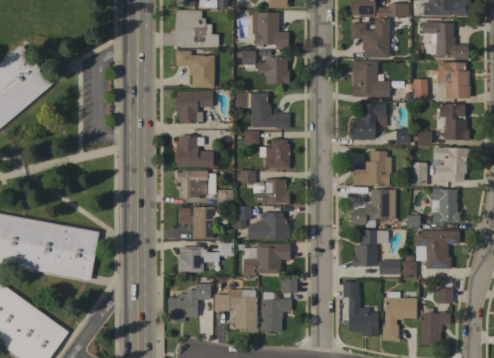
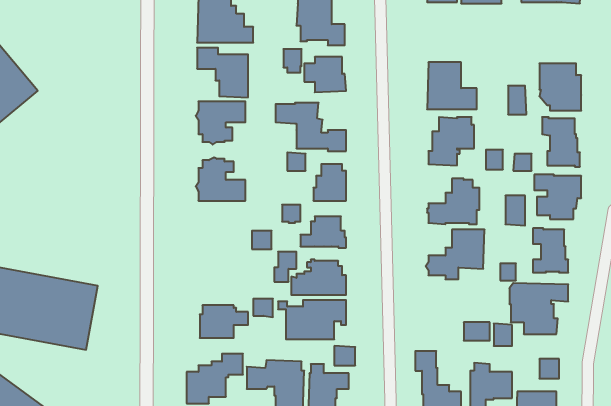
building: [350,18,389,58] -> none
building: [421,21,468,59] -> none
building: [176,170,215,199] -> none
building: [177,206,214,239] -> none
building: [352,230,387,267] -> none

